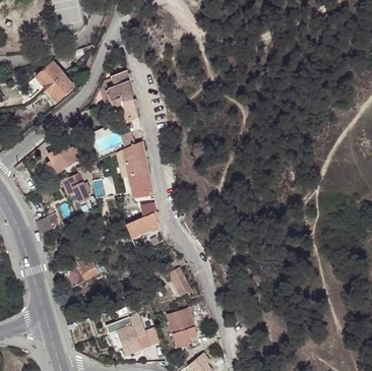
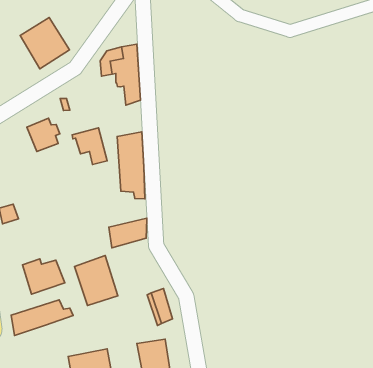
building: [59,172,90,202] -> [72,128,107,165]
building: none -> [74,255,118,306]
building: none -> [11,300,73,336]

